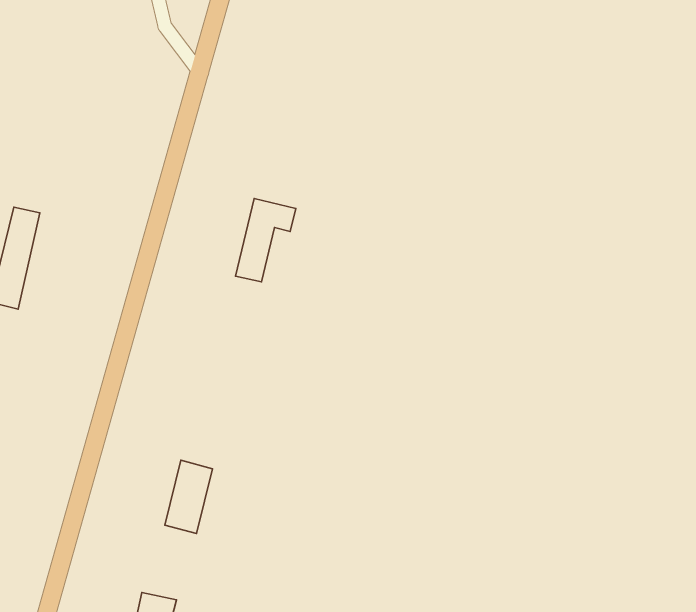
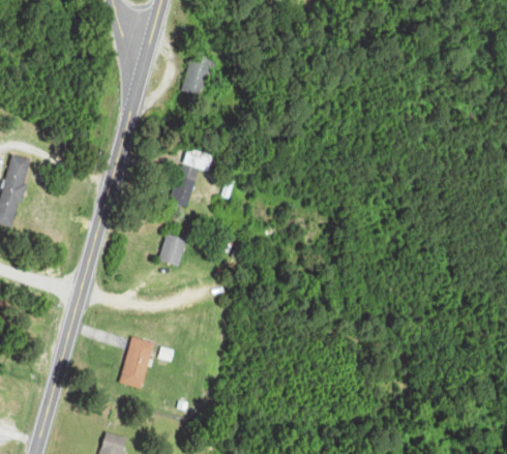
building: none -> [182,54,211,97]
building: none -> [158,235,186,267]

